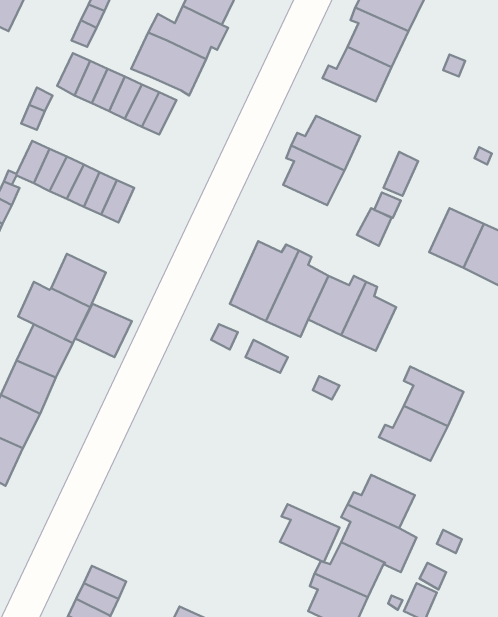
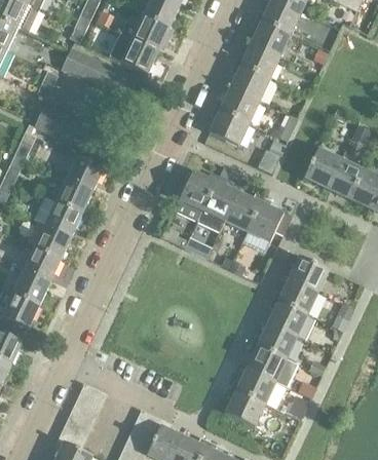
building: none -> [230,64,269,102]
building: [75,304,132,357] -> [67,156,104,191]
building: [280,504,339,562] -> [266,299,305,337]

